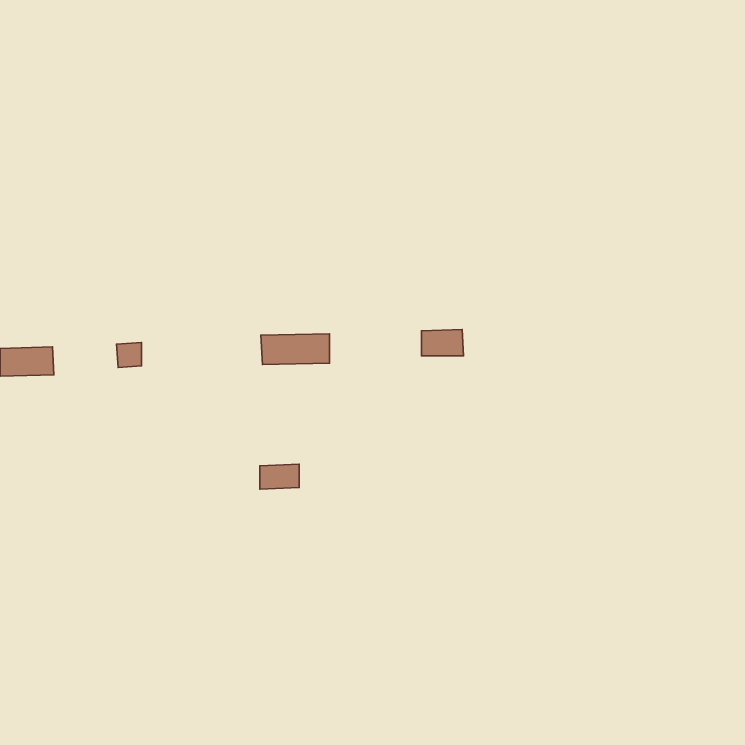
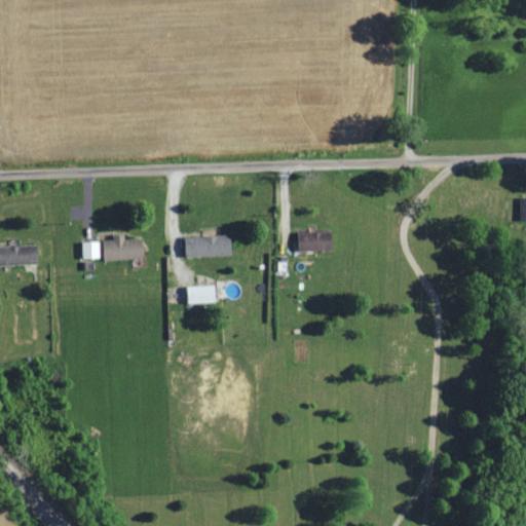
building: none -> [104,234,143,260]
building: [260,464,299,489] -> [188,286,216,303]

